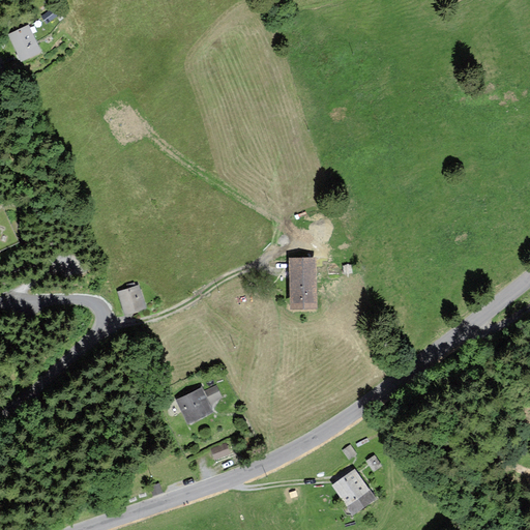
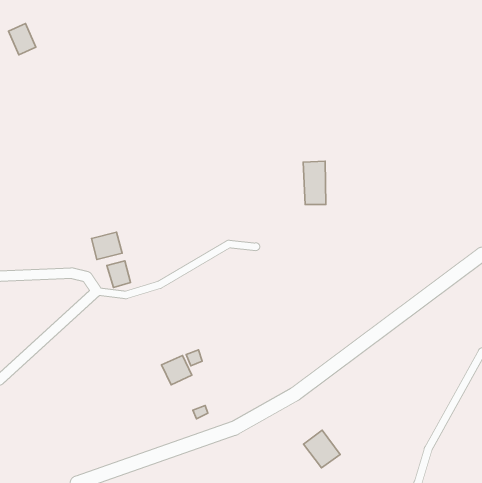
building: none -> [91,232,122,259]
building: [290,259,315,306] -> [303,161,326,205]

